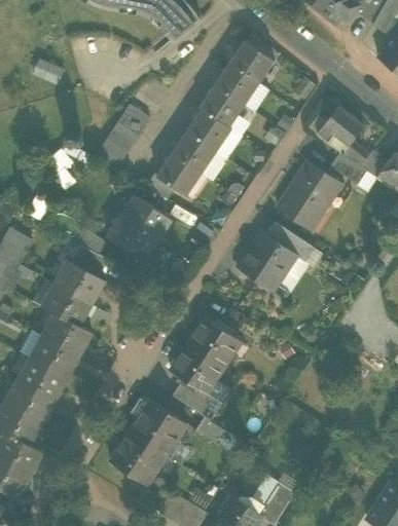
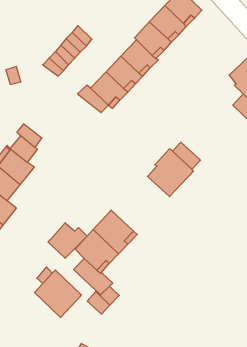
building: [278,162,342,231] -> none
building: [111,196,173,260] -> none
building: none -> [48,223,87,258]
building: [110,429,167,485] -> none

